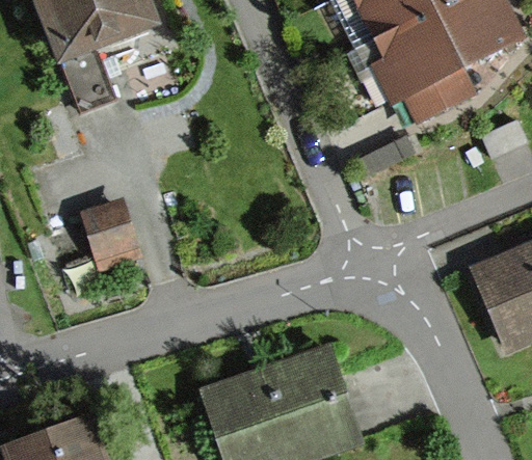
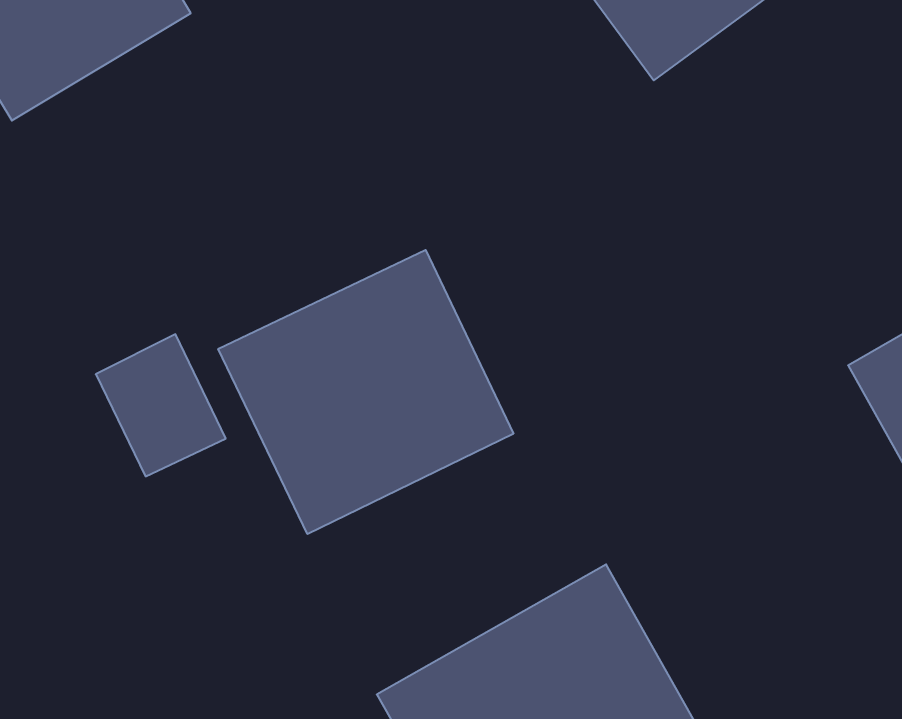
building: none -> [218,250,513,534]

